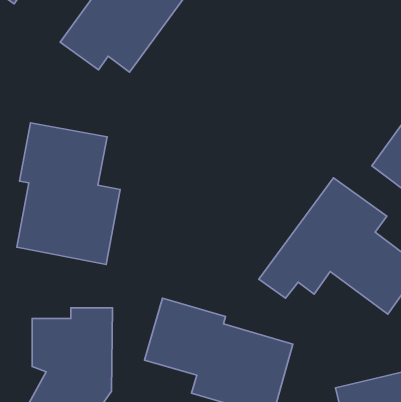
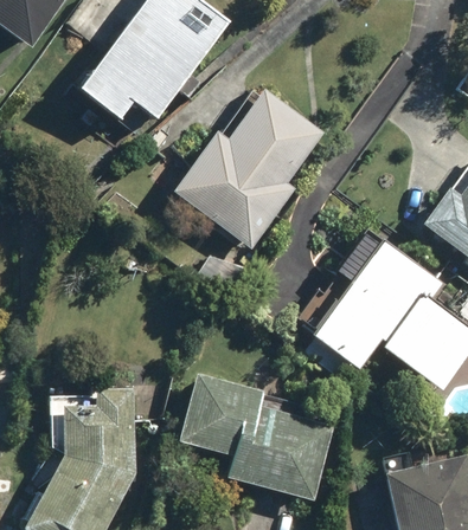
building: none -> [172,88,328,248]
building: [17,123,120,265] -> none

